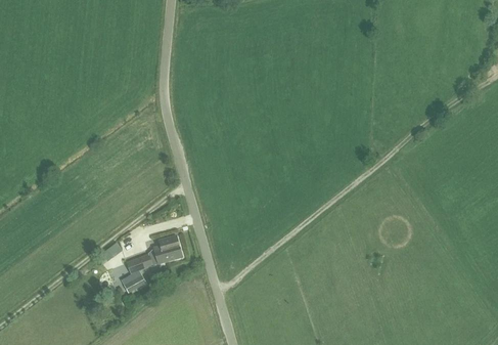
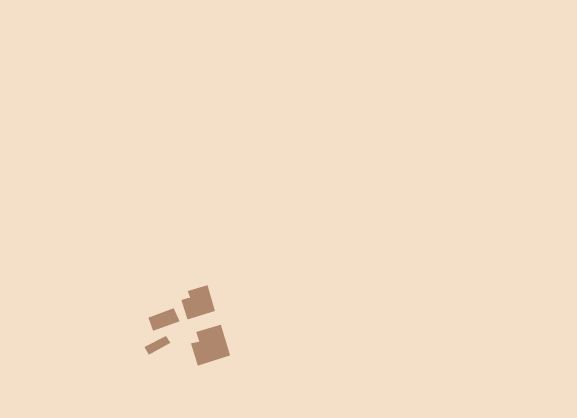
building: none -> [190,324,231,366]

